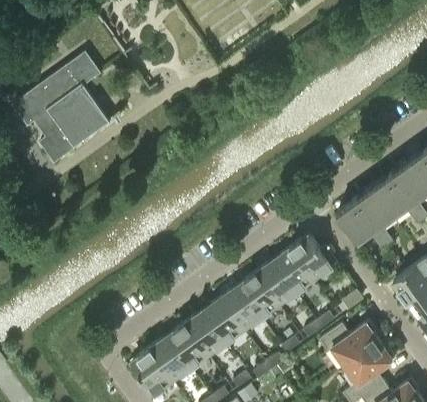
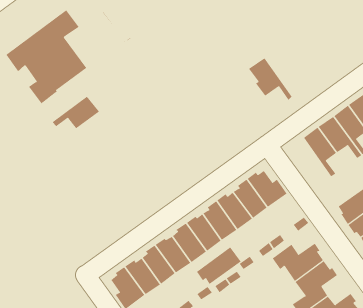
building: none -> [52,96,100,129]
building: [337,199,388,249] -> [248,57,292,101]
building: none -> [196,246,241,285]

